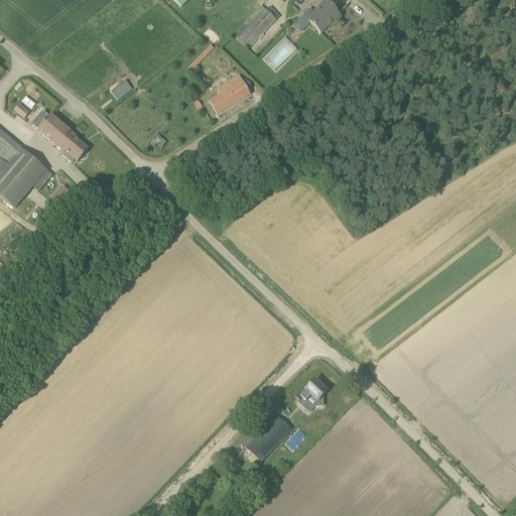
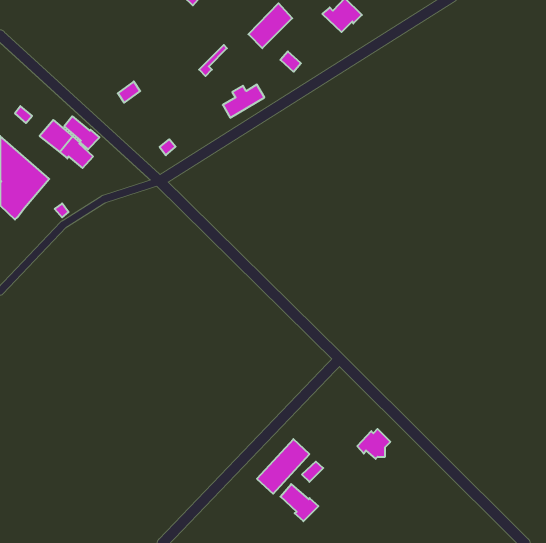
building: none -> [64,116,99,149]
building: [296,377,328,405] -> [357,429,390,459]
building: none -> [280,484,318,521]

